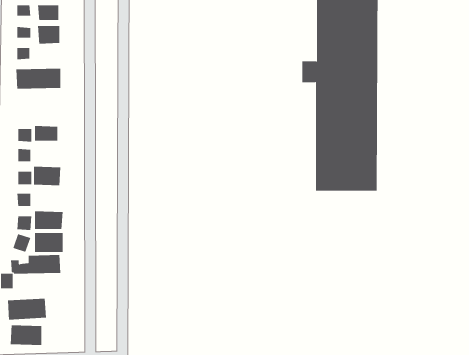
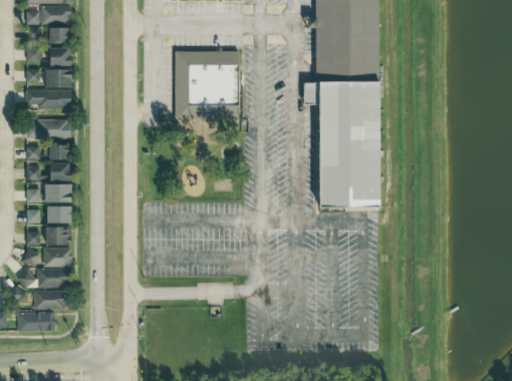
building: none -> [175,50,239,112]
building: none -> [44,69,71,87]
building: none -> [28,119,71,138]
building: none -> [48,162,69,181]
building: none -> [46,207,71,224]
building: [10,325,42,346] -> [36,290,67,310]

